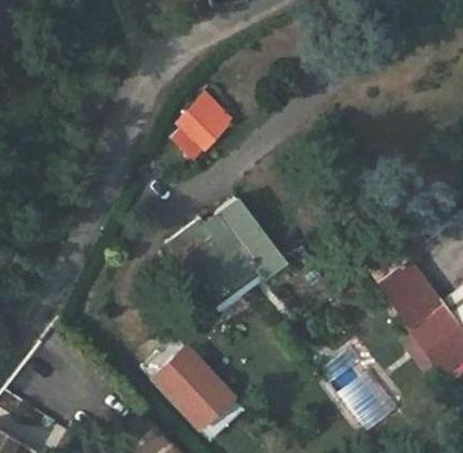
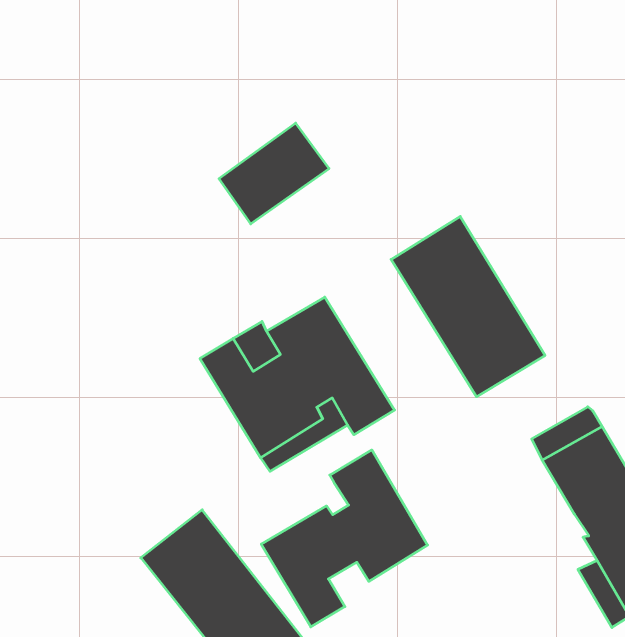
building: none -> [391,216,545,397]
building: none -> [261,450,428,627]

